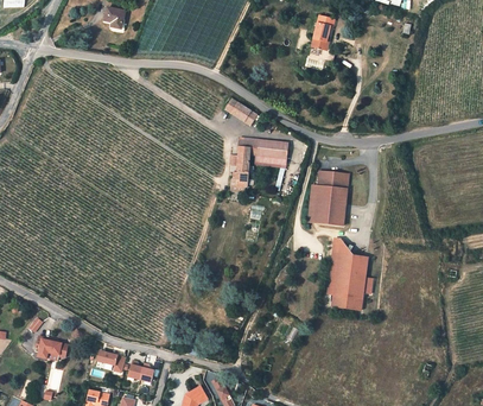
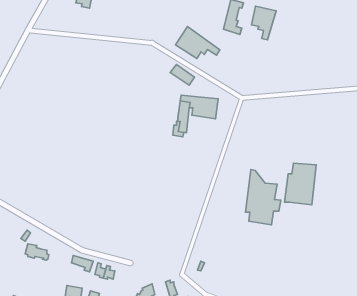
building: none -> [252,6,276,40]
building: none -> [175,27,220,59]
building: [307,171,349,226] -> [285,163,316,205]

